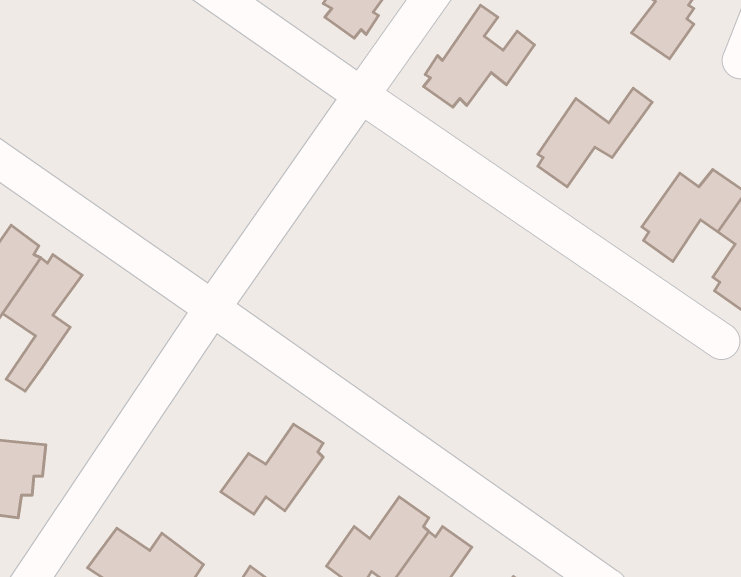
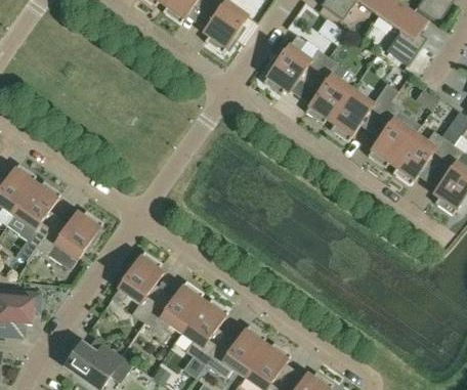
building: none -> [305,56,353,123]
building: none -> [368,90,415,167]
building: none -> [38,210,103,269]
building: none -> [112,251,163,320]
building: none -> [181,298,229,364]

